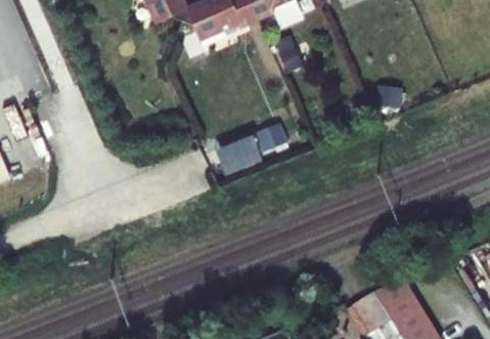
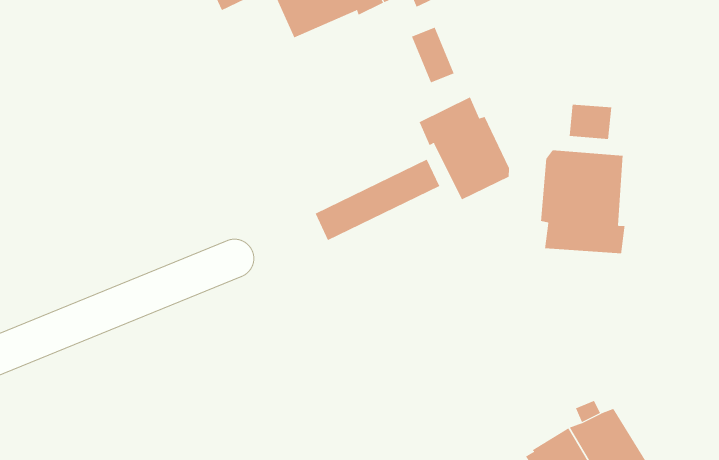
building: none -> [419,96,510,200]
building: none -> [540,149,625,254]

